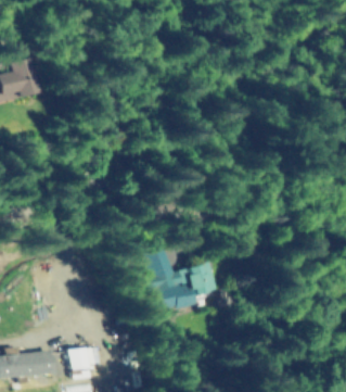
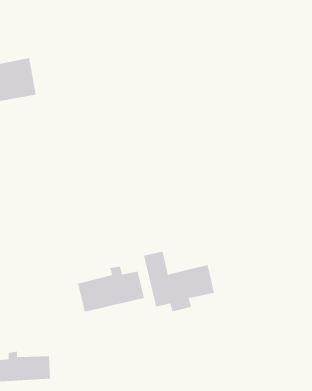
building: none -> [78,266,144,312]
building: [68,349,102,367] -> none

